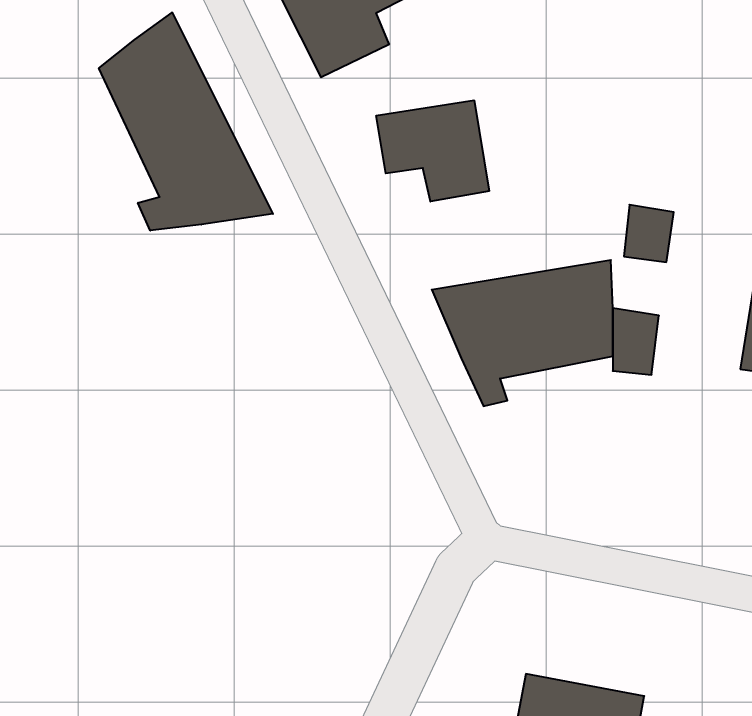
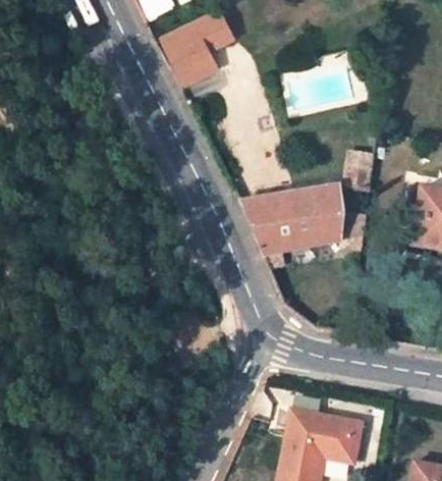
building: [99,12,273,231] -> none
building: [376,100,489,202] -> none

